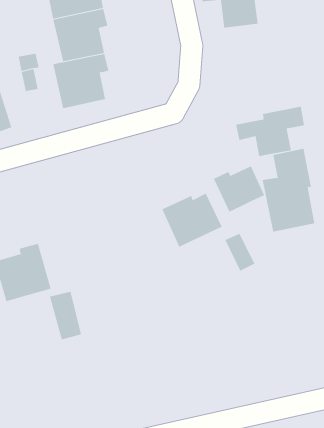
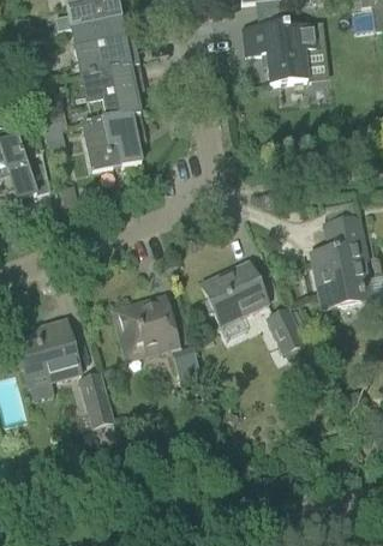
building: [236,106,305,157] -> none
building: [213,165,265,213] -> none
building: none -> [113,295,203,388]

